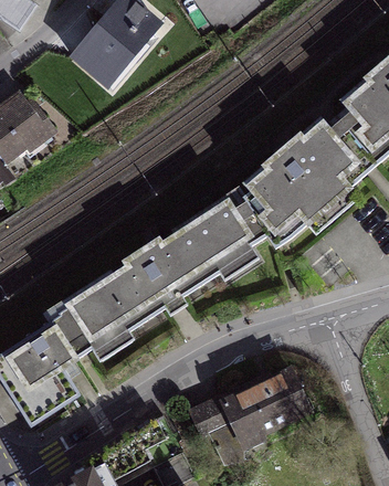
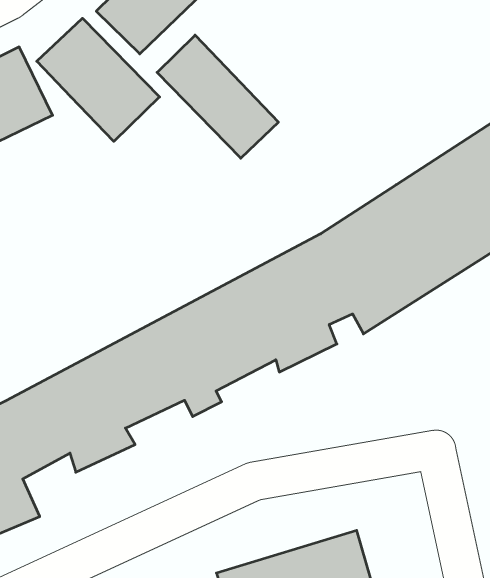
building: none -> [37,18,160,141]
building: none -> [157,35,278,158]

